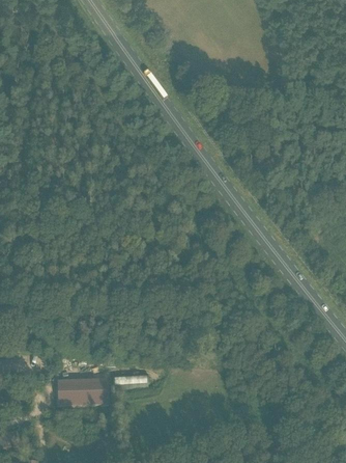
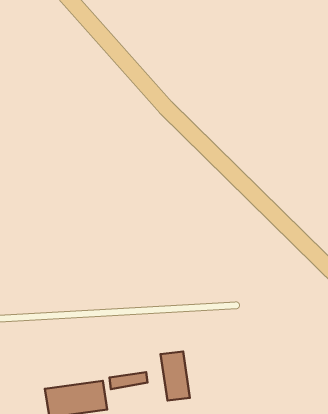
building: none -> [161,351,190,401]

